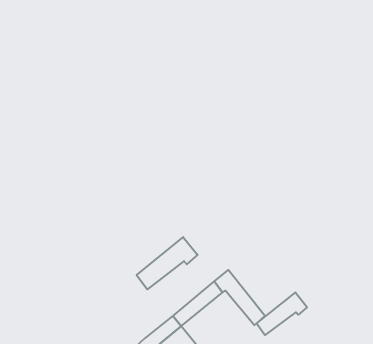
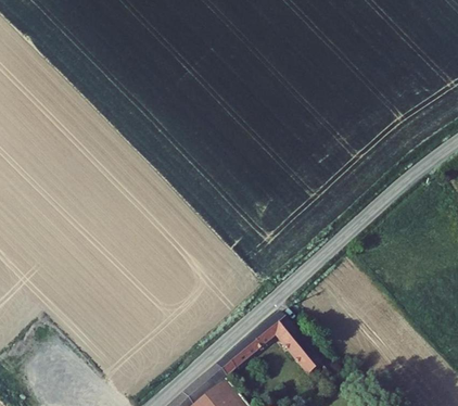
building: [137,237,198,289] -> none
building: [257,292,307,335] -> none

